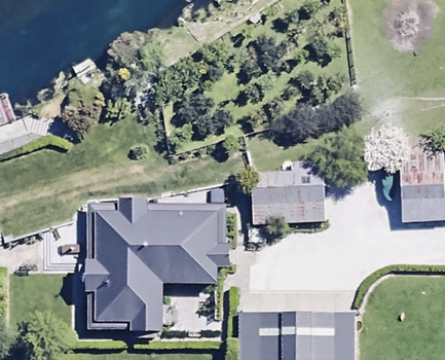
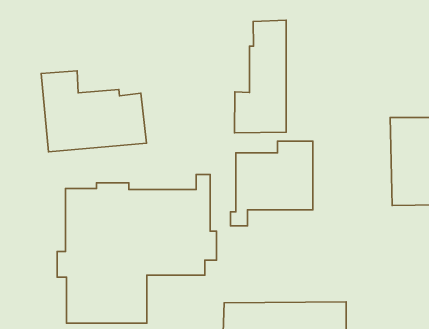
building: none -> [235,20,286,133]
building: none -> [41,71,146,152]

